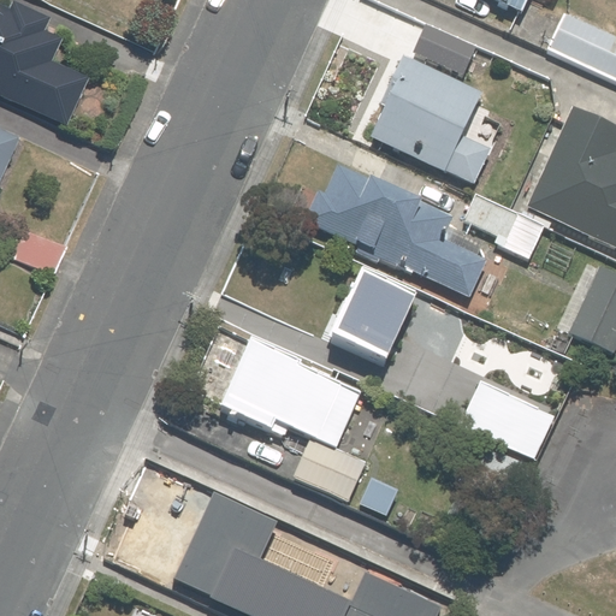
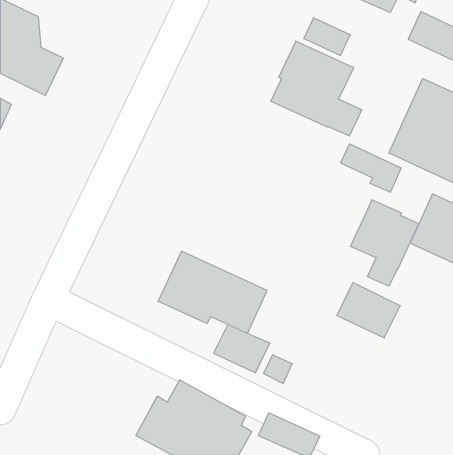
building: [291,165,487,296] -> none
building: none -> [351,200,419,286]
building: [326,270,413,361] -> none

